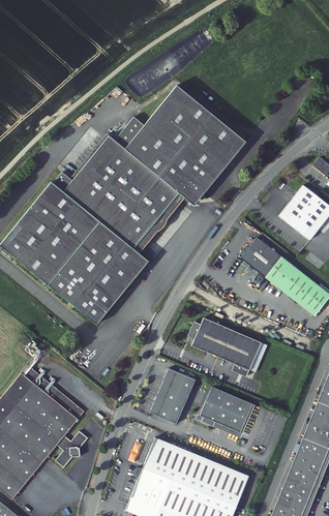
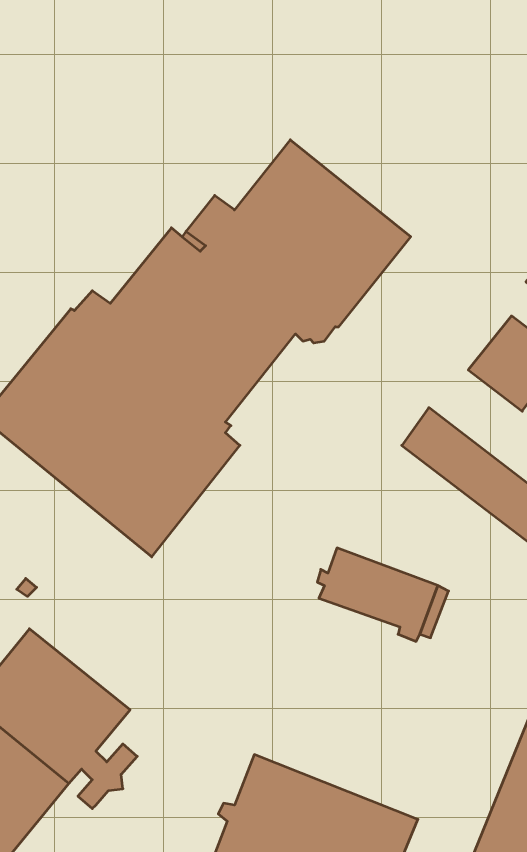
building: [152,367,197,422] -> none
building: [200,386,257,436] -> none

